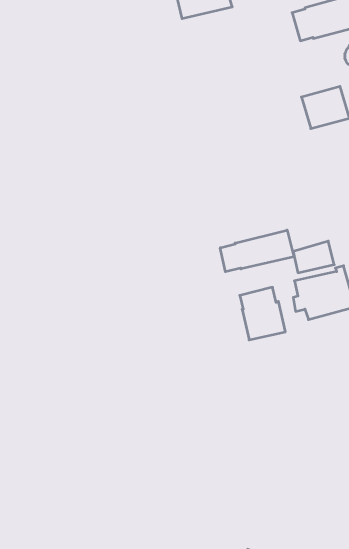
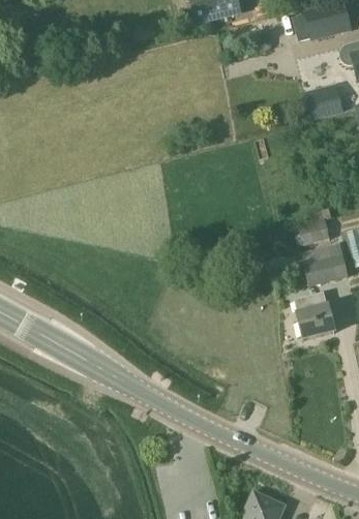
building: [220,230,294,272] -> none
building: [240,287,285,340] -> [295,293,335,339]

